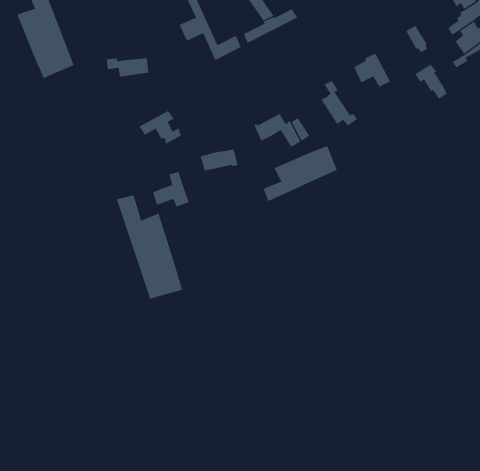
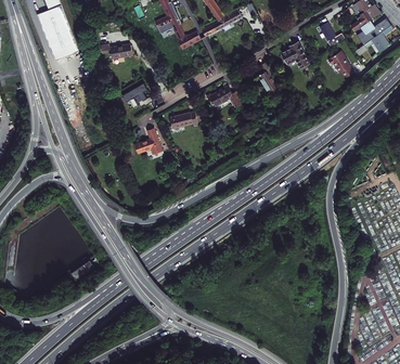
building: [263,145,338,202] -> none
building: [116,194,183,300] -> none

